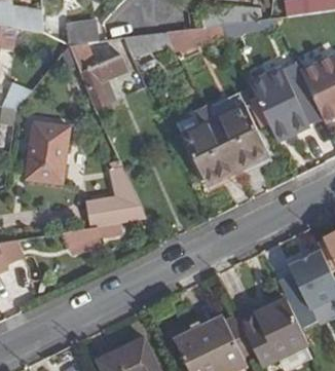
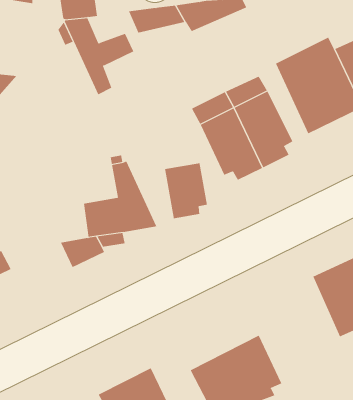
building: [27,122,70,184] -> none
building: none -> [165,163,208,219]
building: [232,295,306,362] -> none

